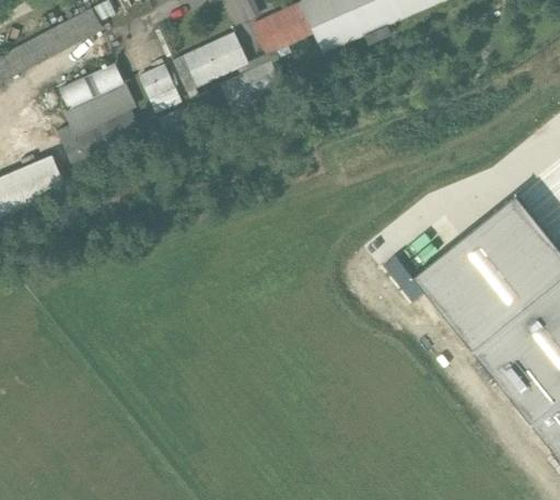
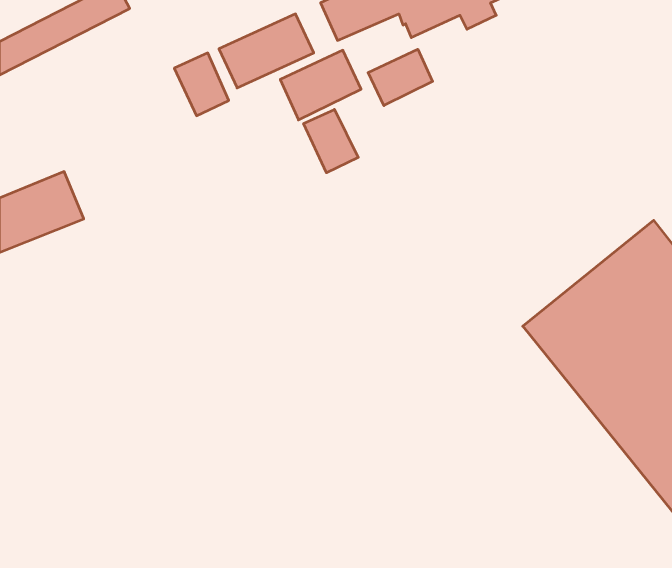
building: none -> [368,49,433,106]
building: [59,62,143,165] -> none
building: none -> [304,109,358,173]

